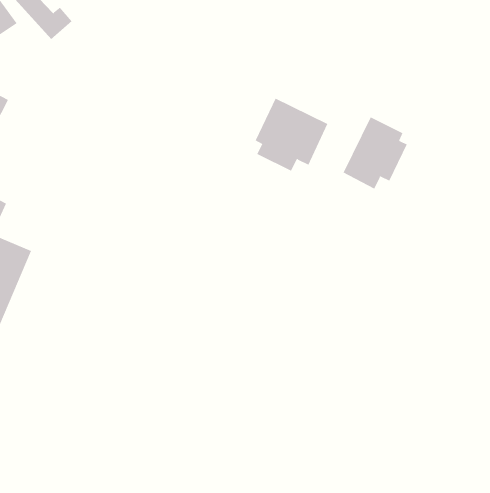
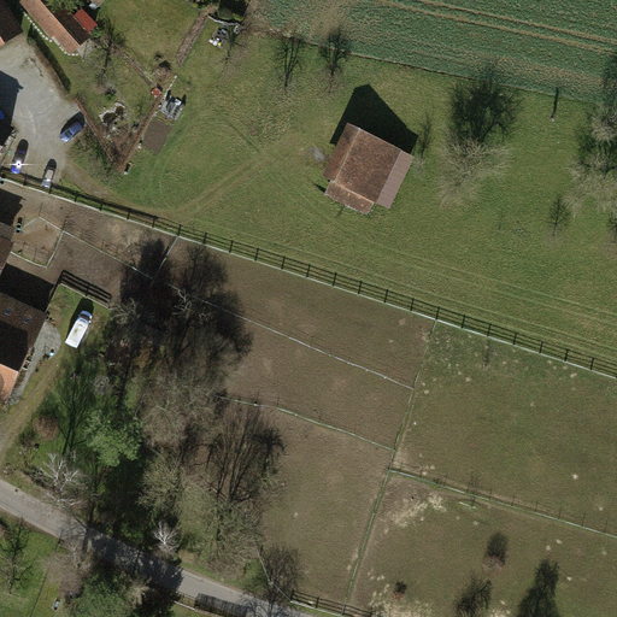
building: [343,116,407,189] -> none

